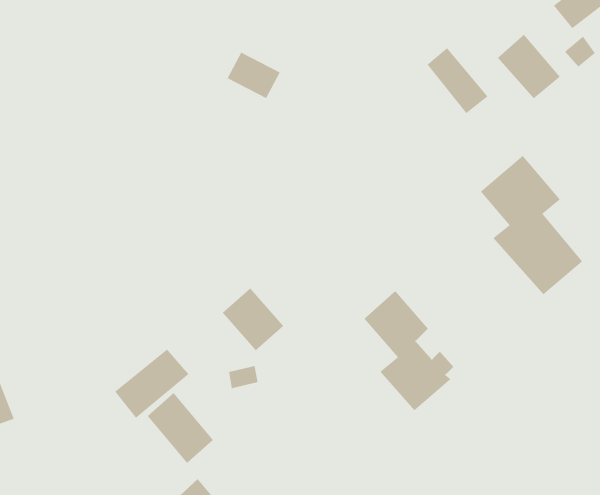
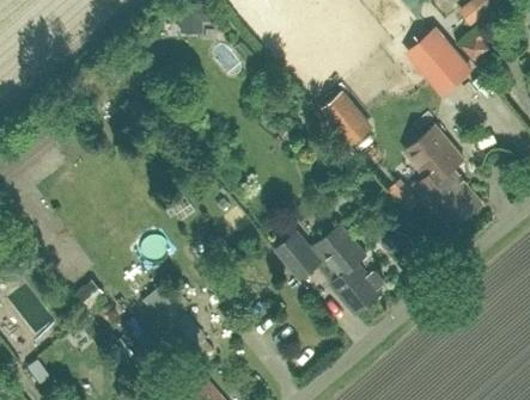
building: [426,47,488,114] -> [327,90,373,140]
building: [222,287,284,351] -> [274,232,321,279]
building: [114,348,190,419] -> none

